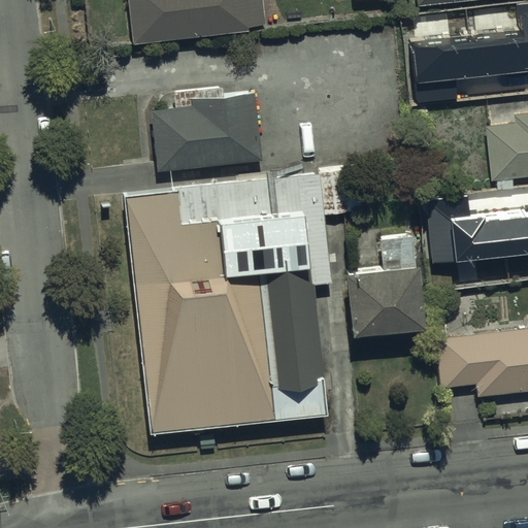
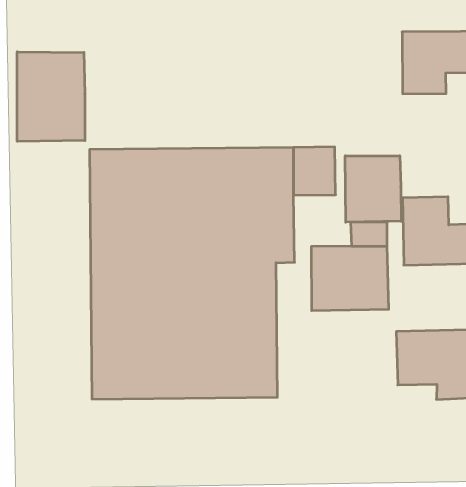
building: [150,89,265,172] -> none
building: none -> [17,52,85,141]
building: none -> [345,156,401,222]

